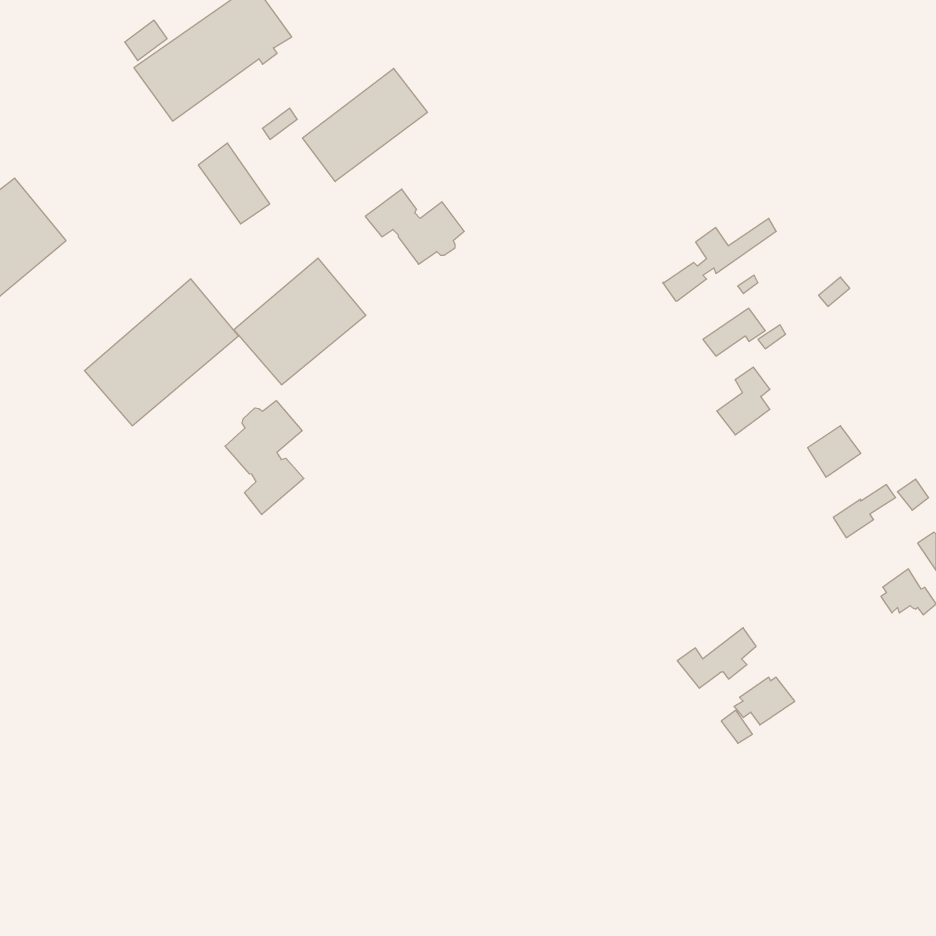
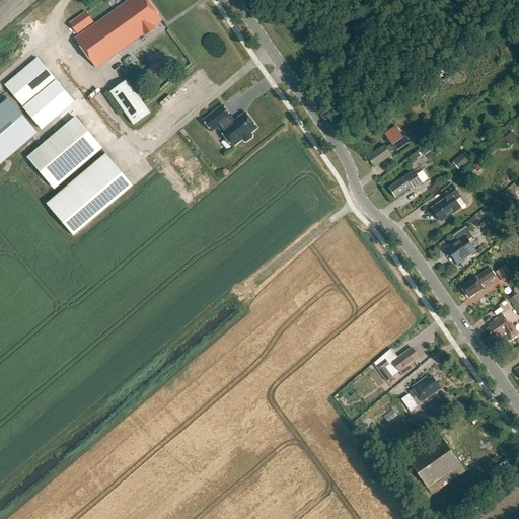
building: [303,68,427,182] -> none
building: none -> [4,58,73,129]
building: [234,258,366,385] -> [27,117,100,187]
building: [717,367,770,435] -> [431,183,460,221]
building: [225,401,304,515] -> none
building: none -> [407,436,460,488]

